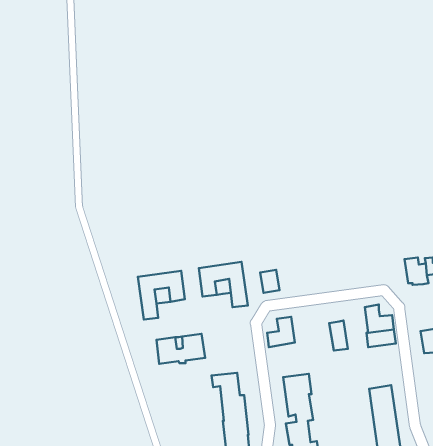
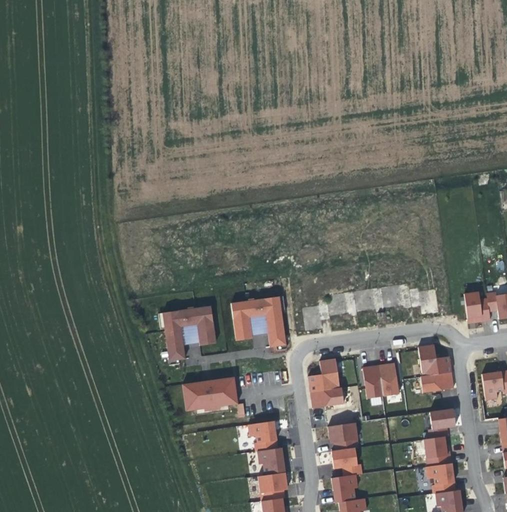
building: none -> [362,365,383,398]
building: none -> [310,387,343,408]
building: none -> [429,409,455,429]

